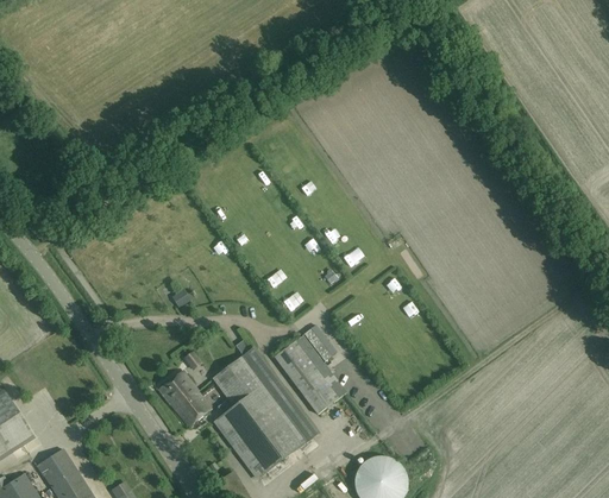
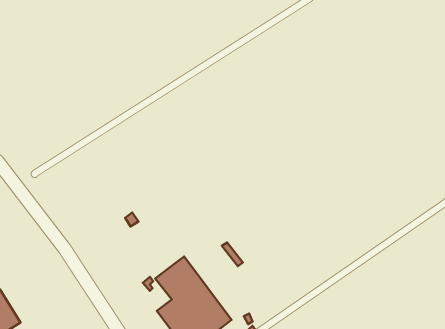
building: [274,335,345,414] -> none
building: [158,370,212,425] -> none

